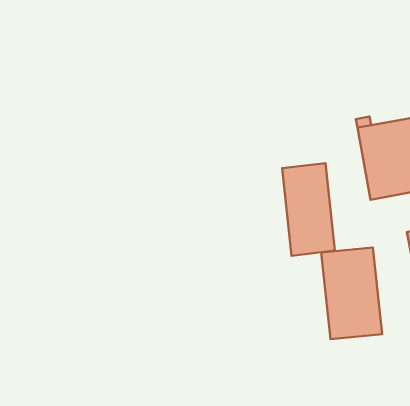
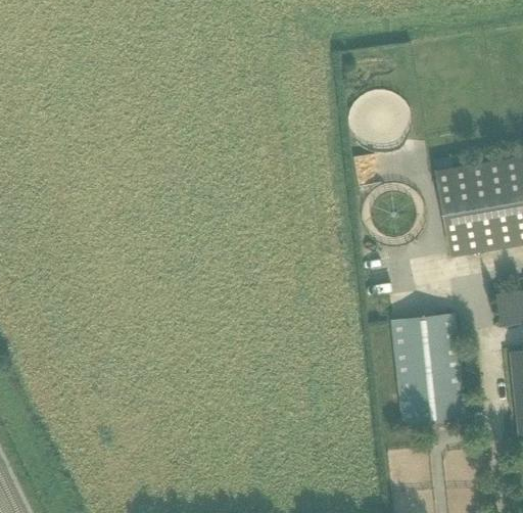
building: [282,163,335,256] -> none

